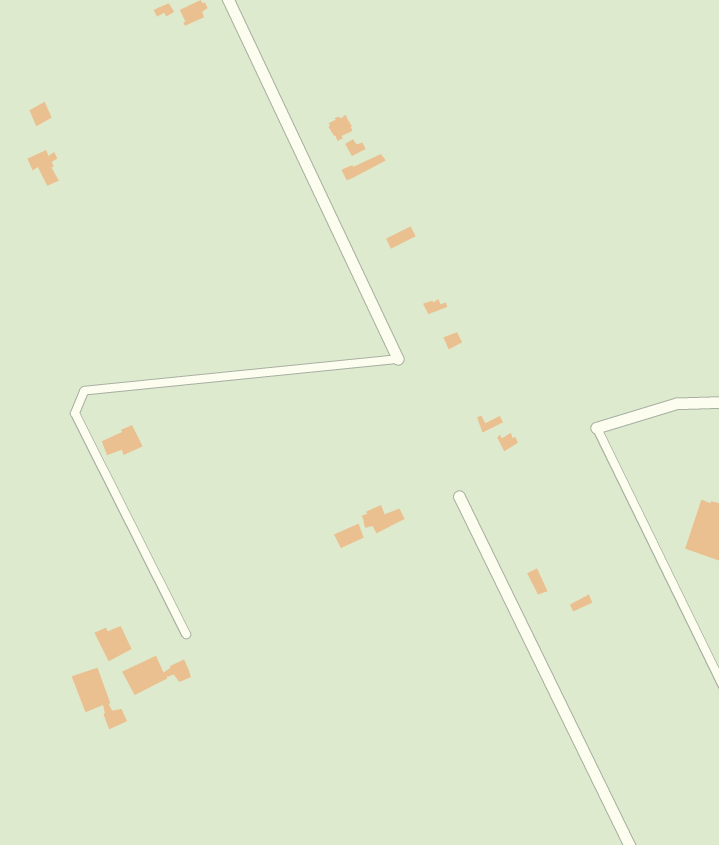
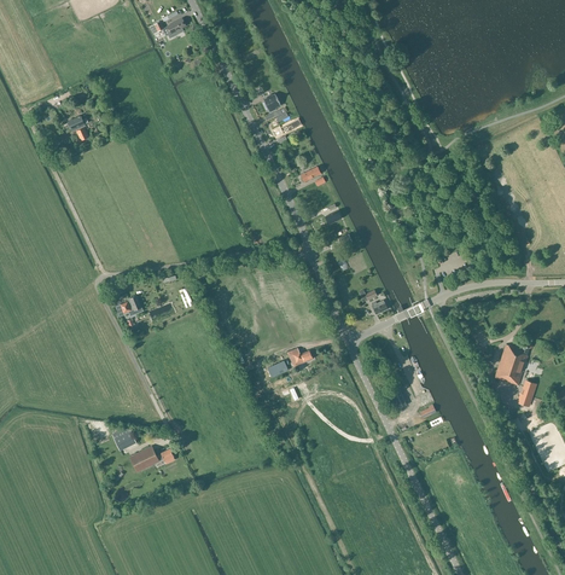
building: [71,667,128,730] -> none

